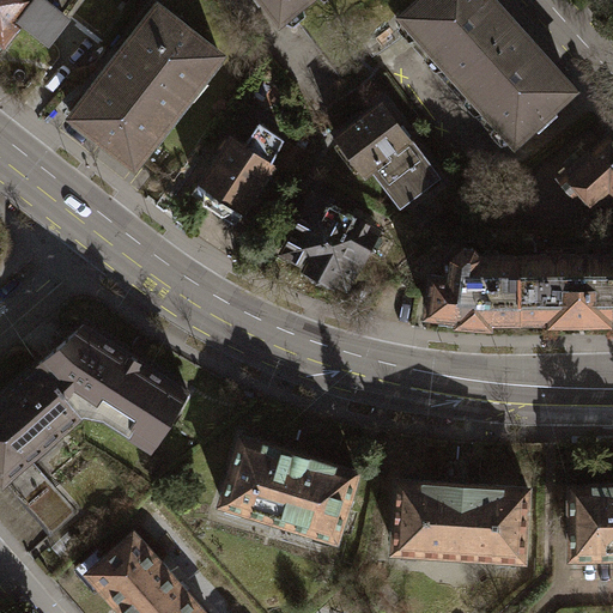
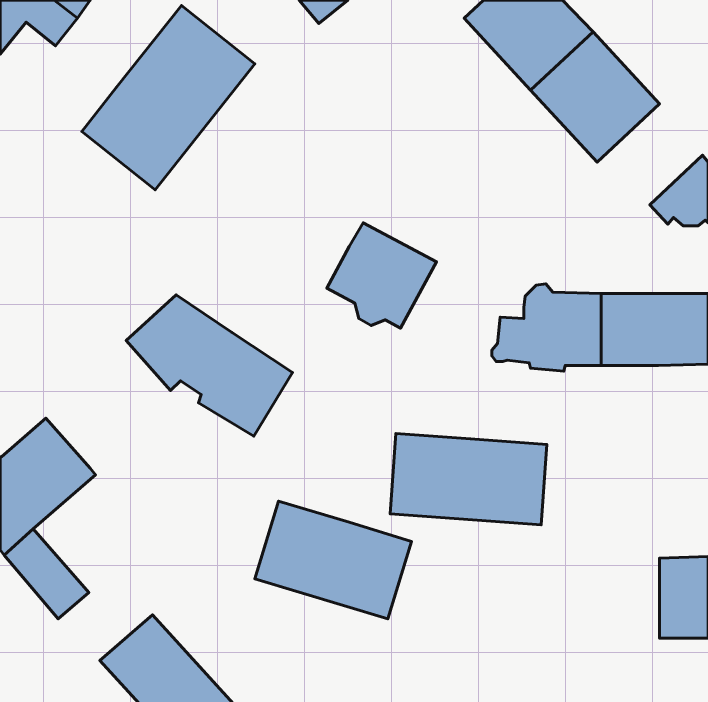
building: [334,104,441,210] -> none
building: [192,128,283,229] -> none
building: [40,327,183,449] -> [126,295,293,436]
building: [393,482,528,562] -> [390,433,547,525]

